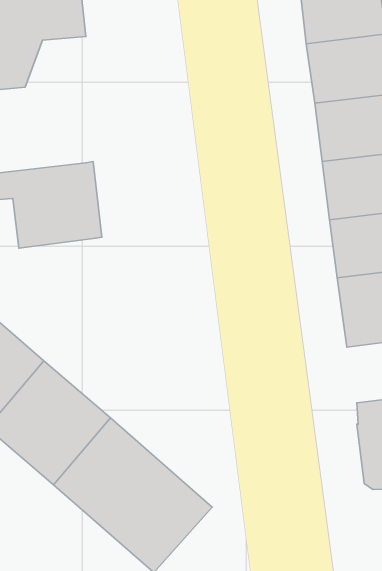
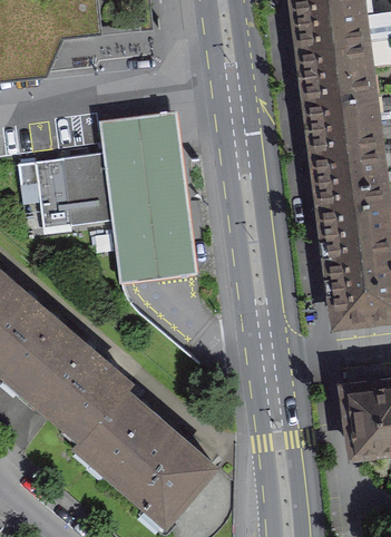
building: none -> [96,111,192,282]

